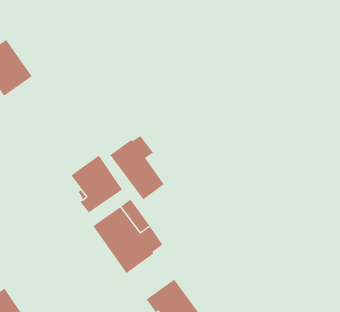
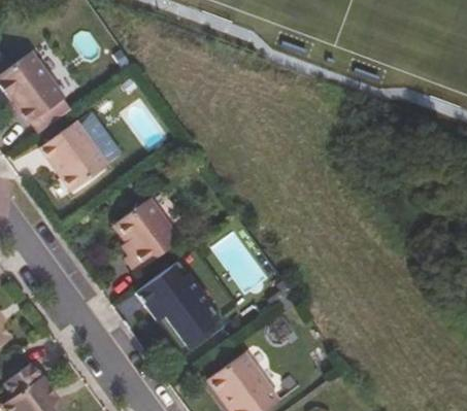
building: none -> [39,122,108,191]
building: [109,135,165,200] -> none

